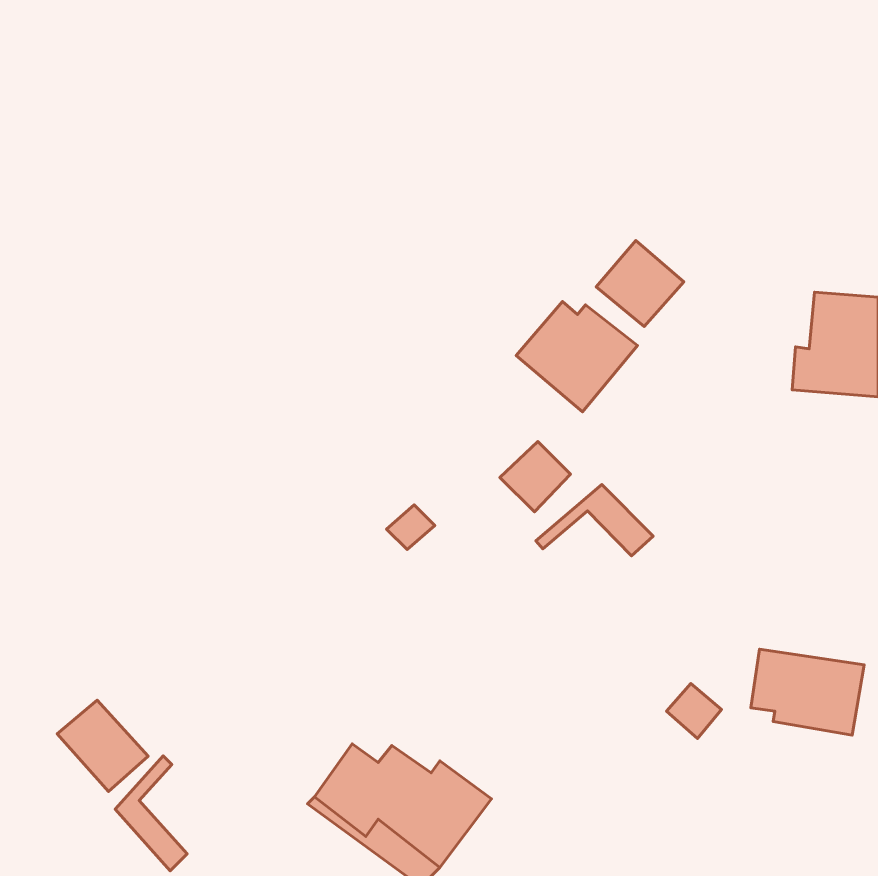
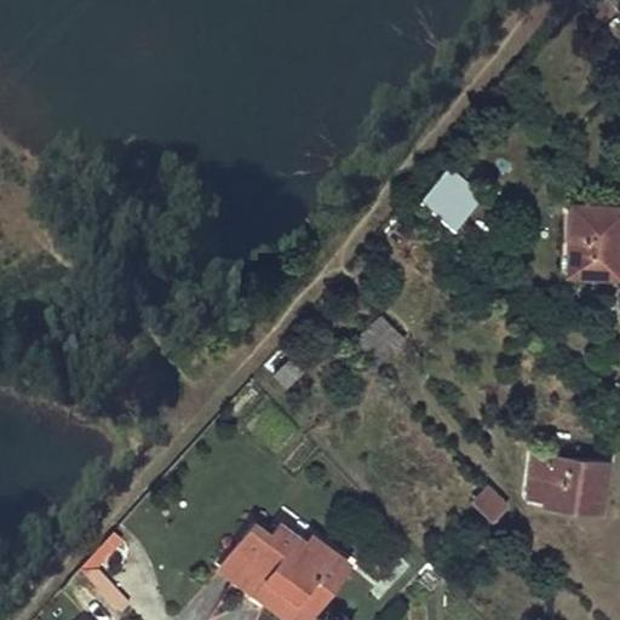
building: [516,301,637,412] -> none
building: [536,485,653,556] -> none
building: [57,700,148,792] -> none

